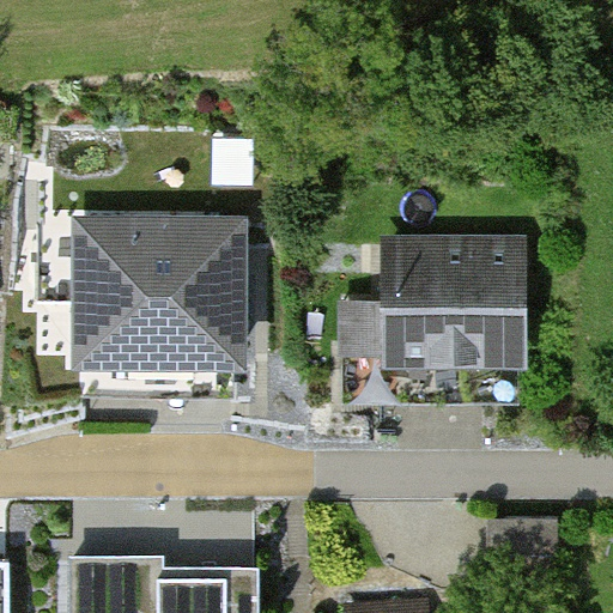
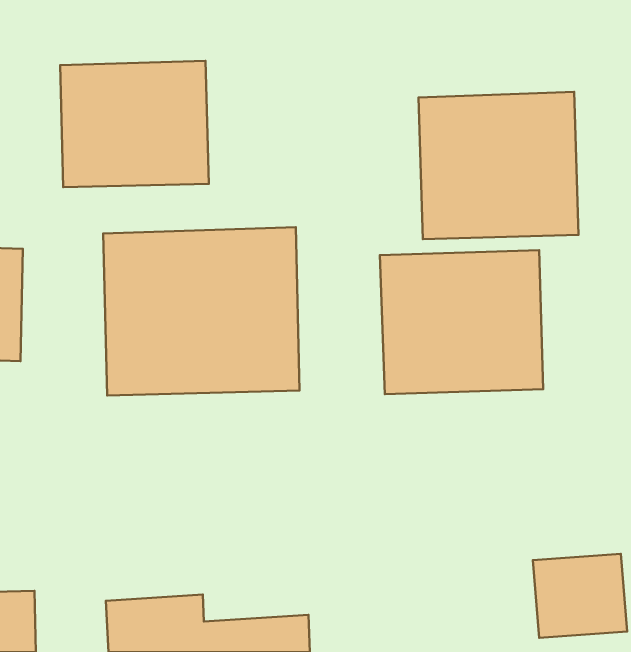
building: none -> [60,61,209,187]
building: none -> [418,92,579,239]

